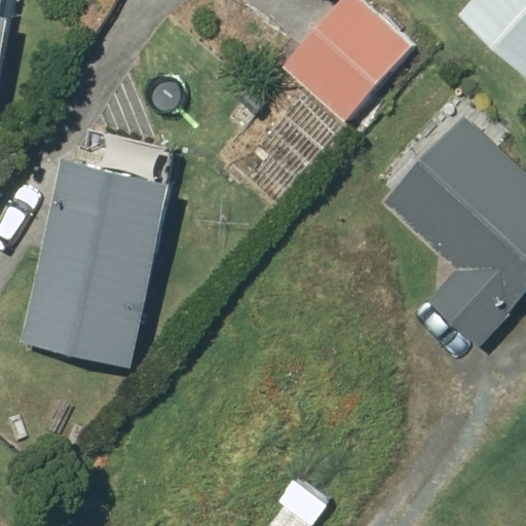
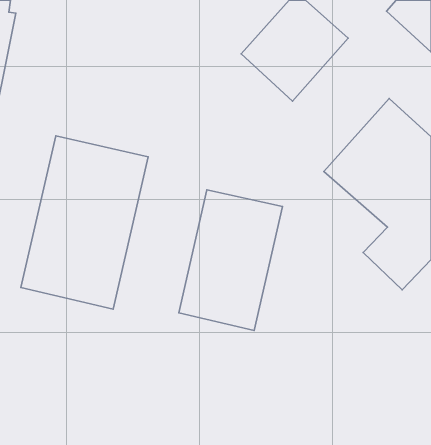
building: none -> [179,190,282,330]

